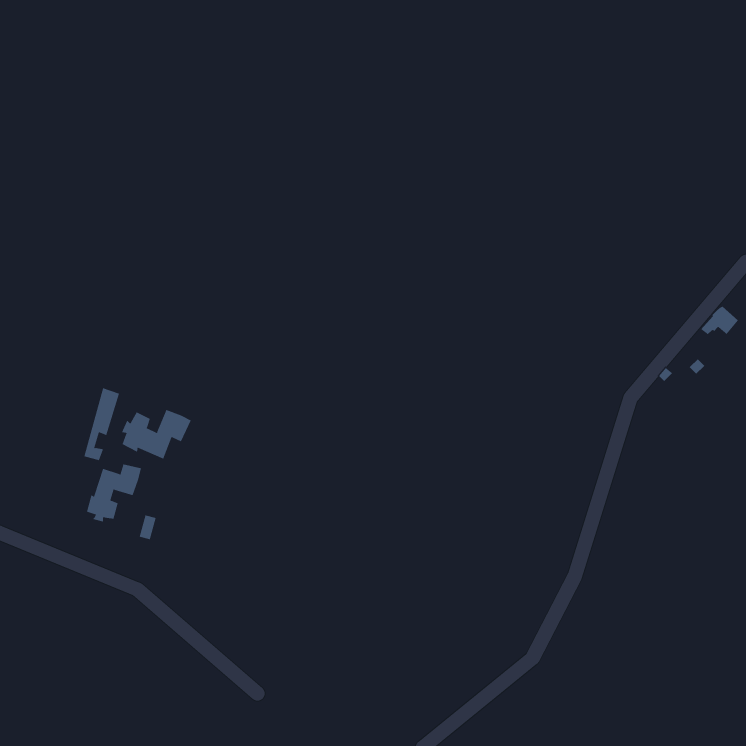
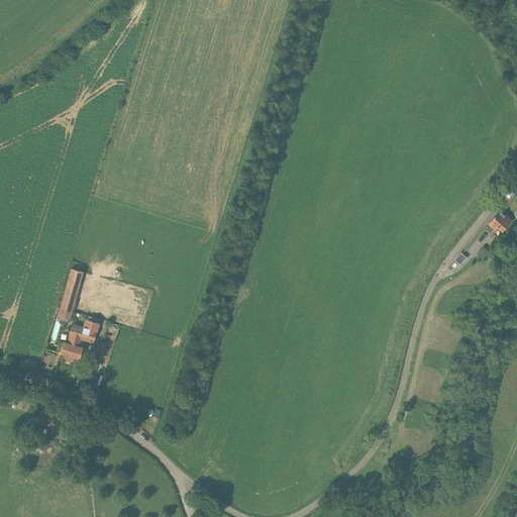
building: [121,409,191,459] -> none

